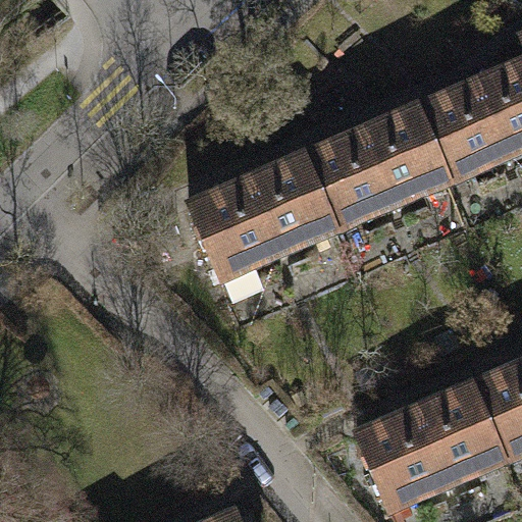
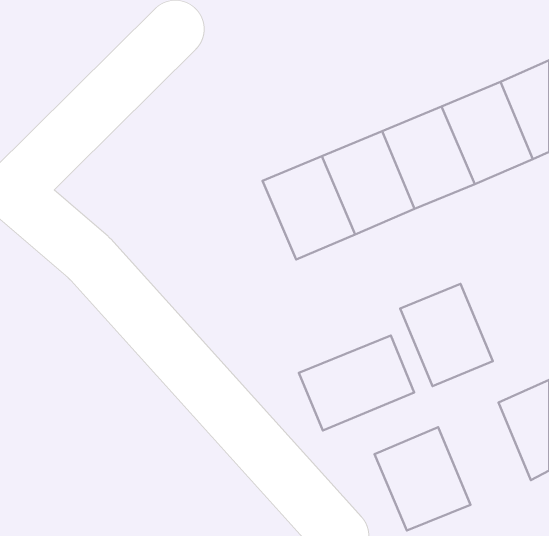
building: [189,171,280,270] -> none
building: none -> [299,336,414,431]
building: [415,381,503,478] -> [400,284,493,386]

